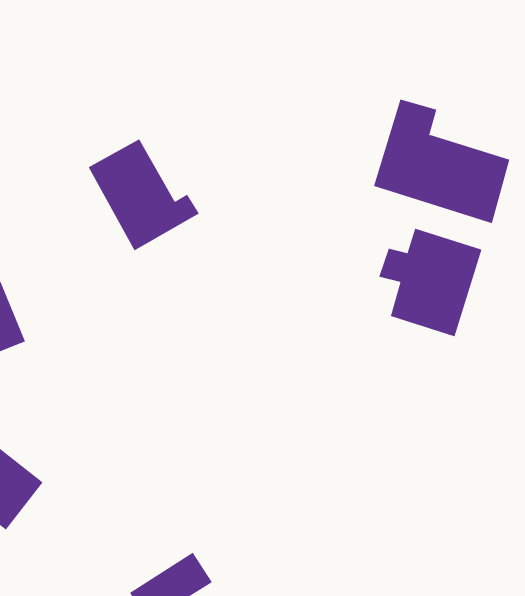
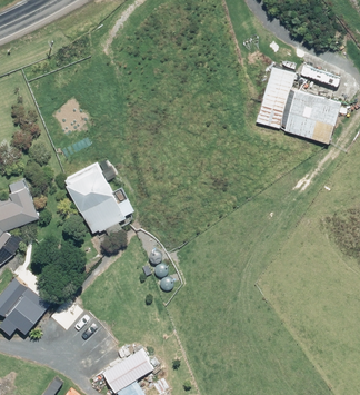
building: [88,139,200,251] -> [63,164,133,234]
building: [378,228,482,337] -> none

